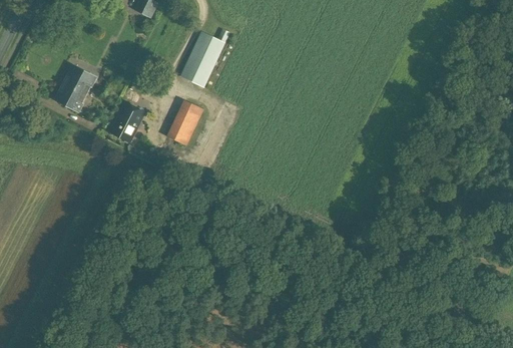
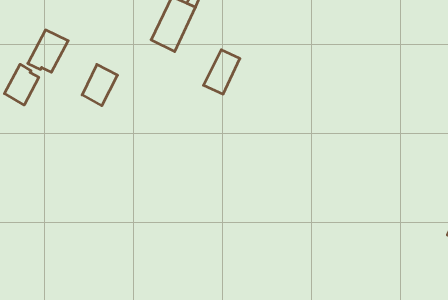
building: [166,99,203,144] -> [203,50,240,94]
building: none -> [4,64,39,105]

